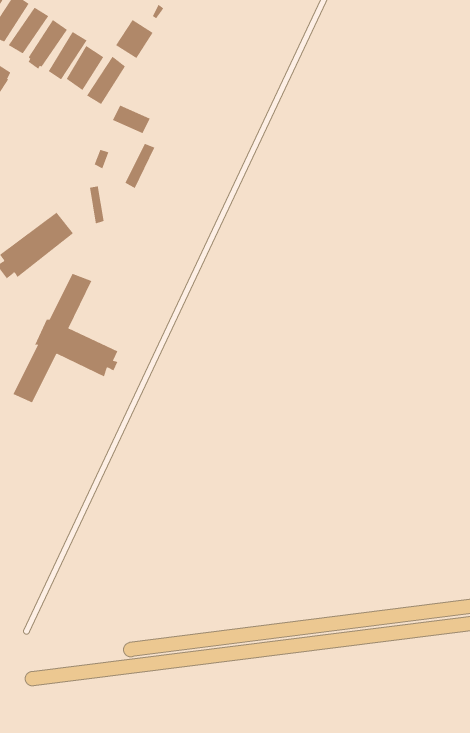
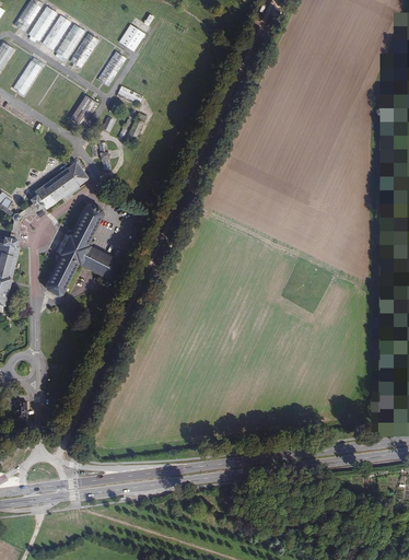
building: [66,45,104,91] -> [68,94,95,127]

